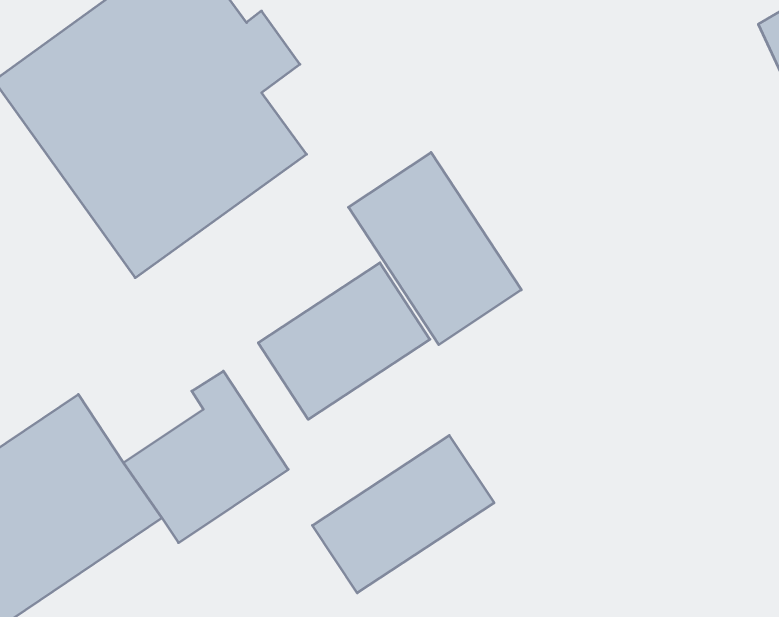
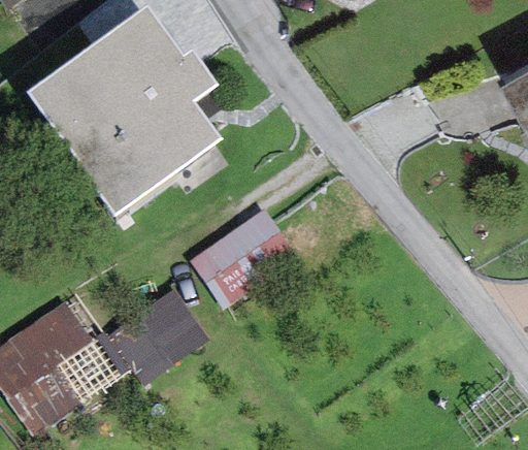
building: [348,152,521,345] -> none
building: [312,435,494,593] -> none

